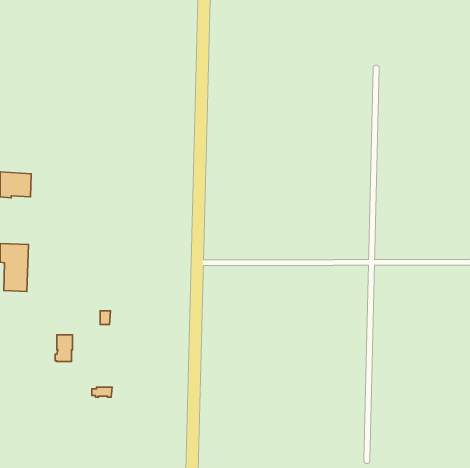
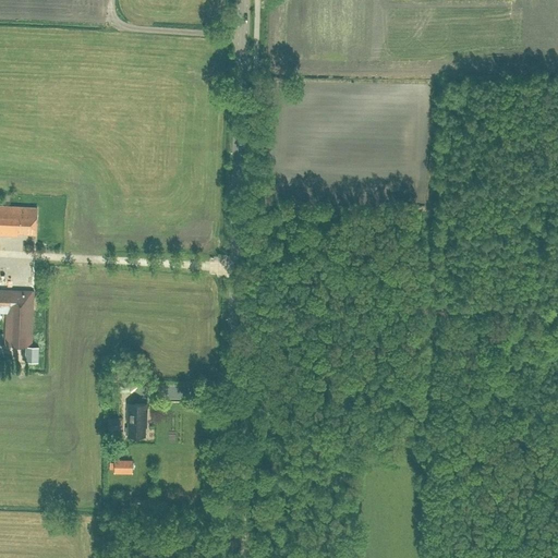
building: [55,335,73,362] -> [125,405,146,437]

